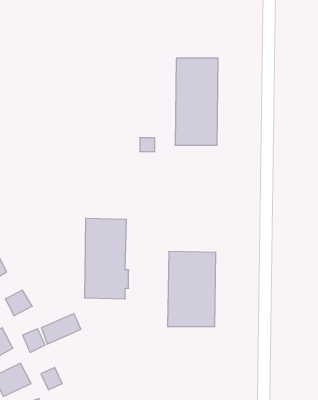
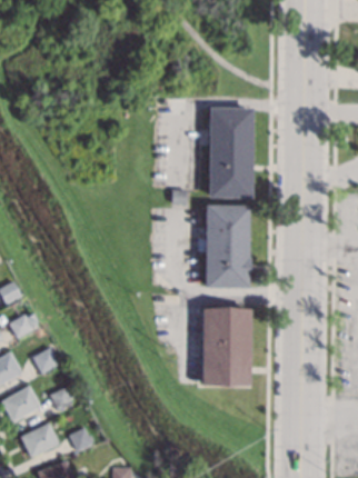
building: [84,218,129,299] -> [206,205,251,288]
building: [42,314,81,344] -> none

